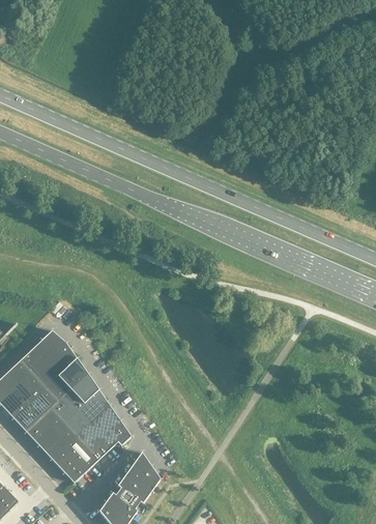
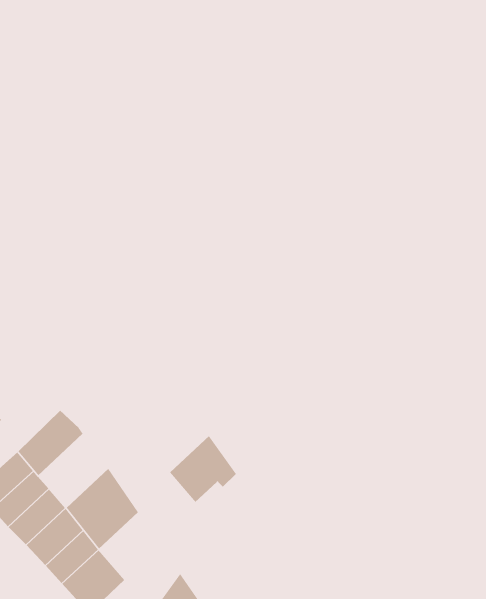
building: [35,347,88,403] -> none
building: [81,406,132,457] -> [169,435,237,503]

